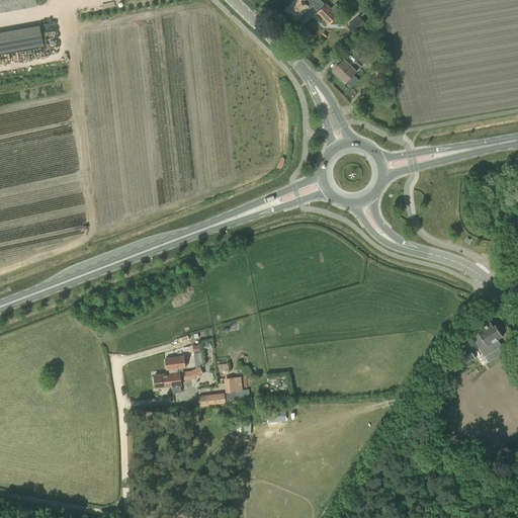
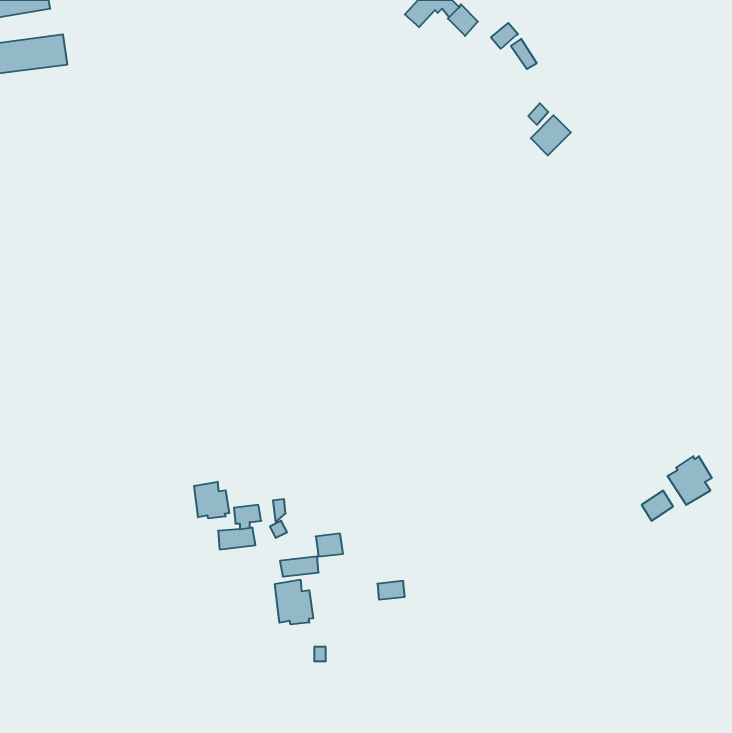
building: [332,54,360,82] -> [531,115,571,155]
building: none -> [194,482,229,518]
building: none -> [275,580,313,624]

